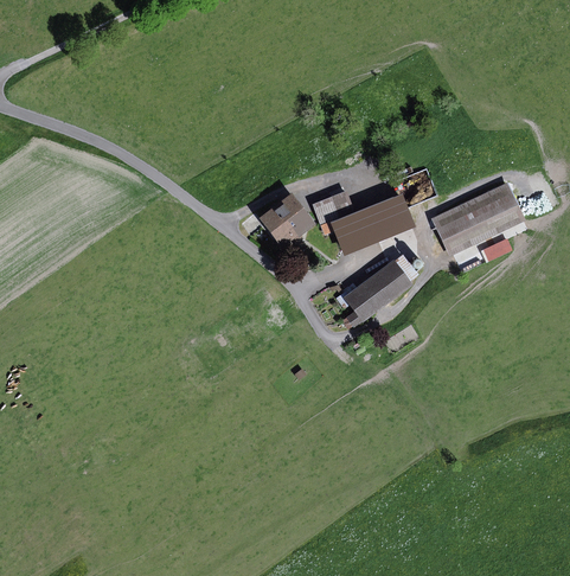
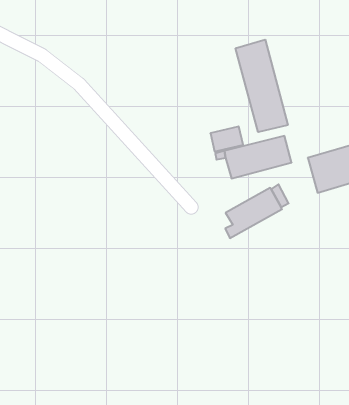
building: none -> [236,40,288,132]
building: [258,193,314,248] -> none

